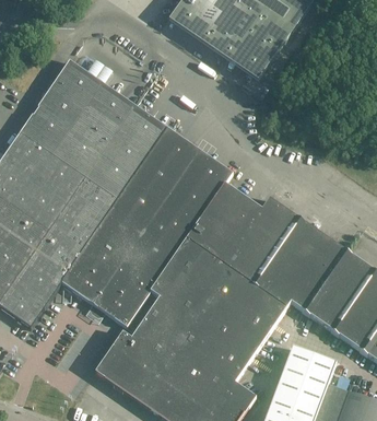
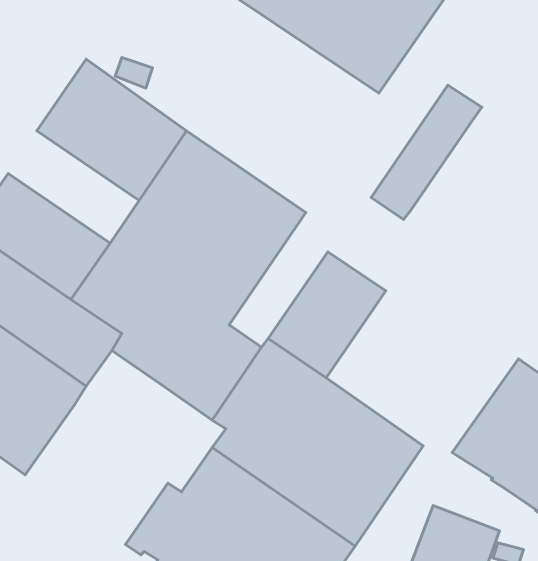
building: [19,105,103,177] -> none
building: [161,157,232,244] -> [371,85,482,220]
building: [223,198,346,312] -> none
building: [61,246,150,326] -> none

